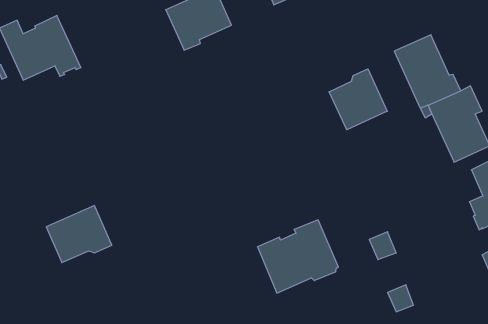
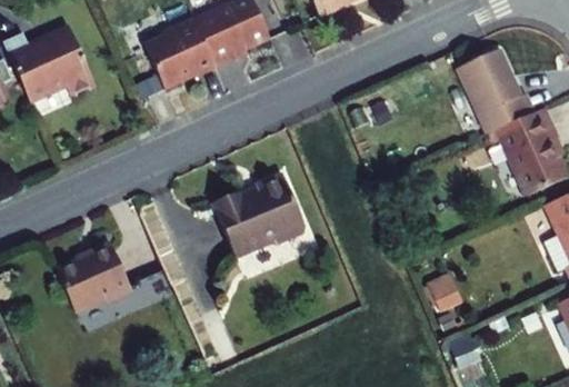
building: none -> [146,17,216,87]
building: [329,69,387,130] -> none
building: [257,220,338,293] -> [213,172,307,257]

